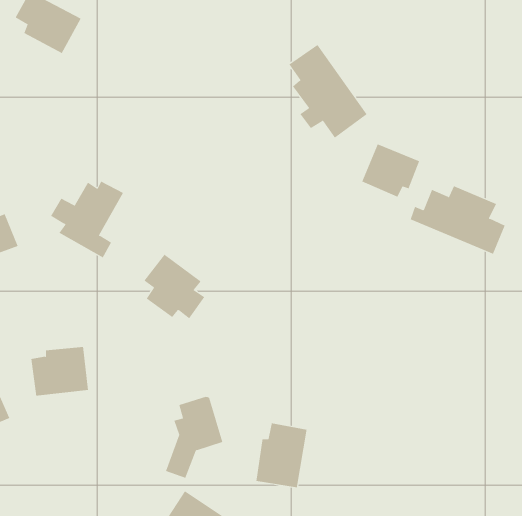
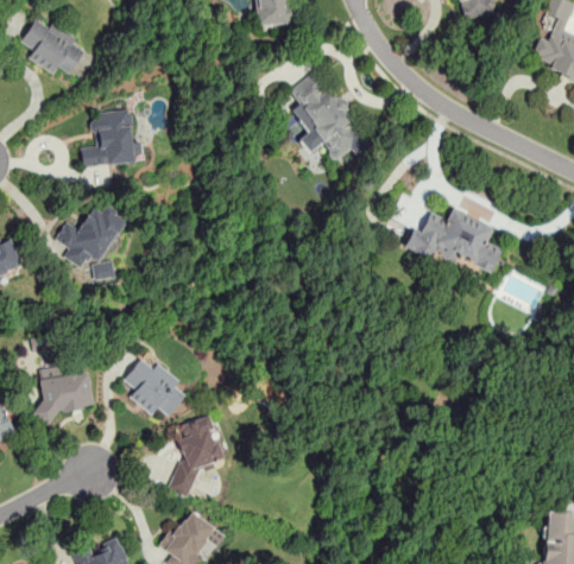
building: none -> [80,108,144,167]
building: [361,143,420,198] -> none
building: [143,254,205,319] -> [124,351,184,416]
building: [256,422,307,488] -> none

